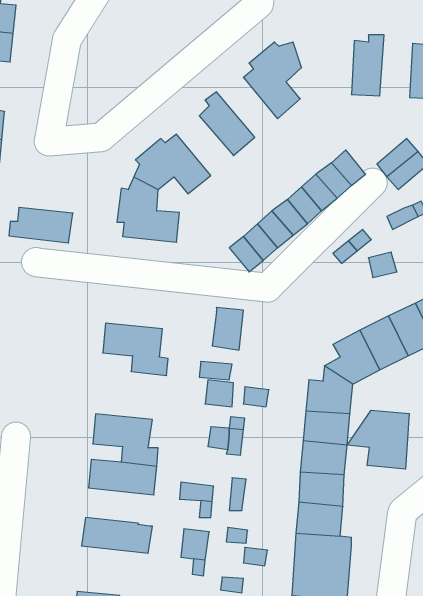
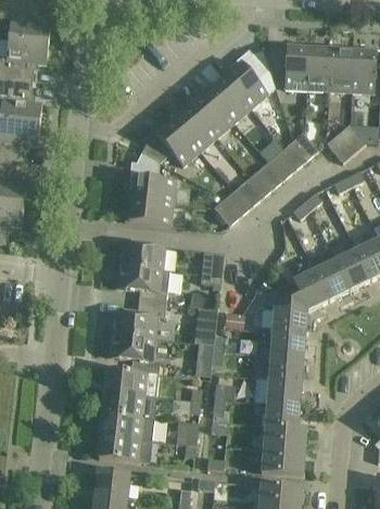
building: none -> [262,41,308,89]
building: none -> [328,44,353,92]
building: none -> [203,77,250,123]
building: none -> [168,106,216,152]
building: [9,207,73,243] -> [124,199,173,226]
building: none -> [118,242,164,269]
building: none -> [111,302,165,339]
building: [347,410,409,469] -> none
building: none -> [103,391,155,420]
building: none -> [98,435,151,463]

